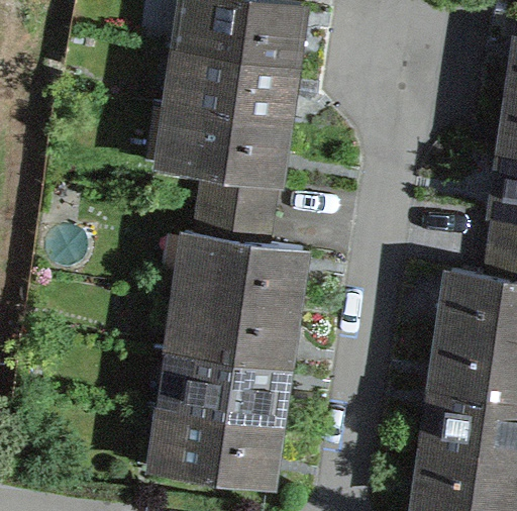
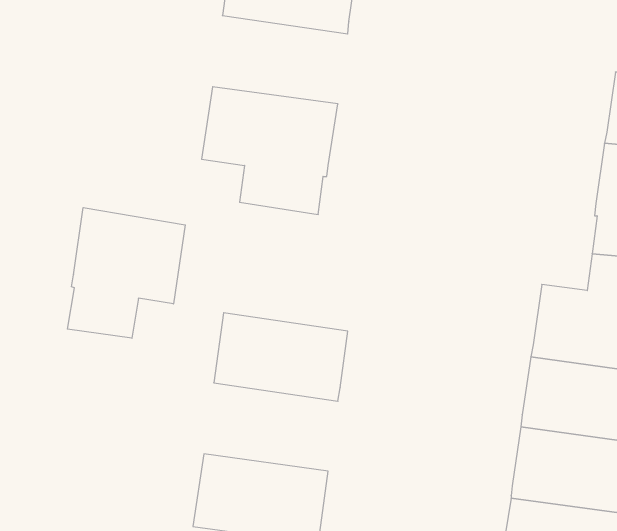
building: [182,50,293,123] -> none
building: [191,204,302,310] -> none
building: none -> [67,208,185,338]
building: [175,352,285,425] -> none

